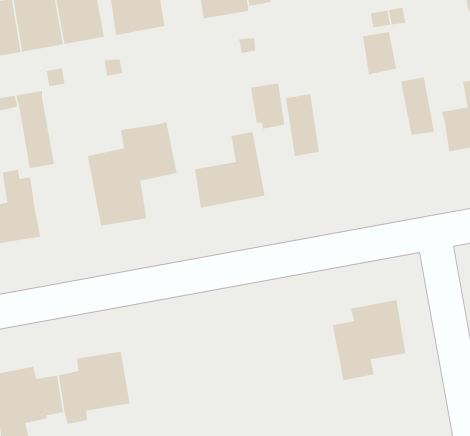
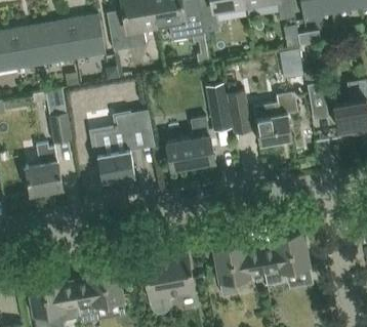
building: none -> [252,92,297,146]
building: none -> [213,243,264,297]
building: none -> [141,253,195,315]

